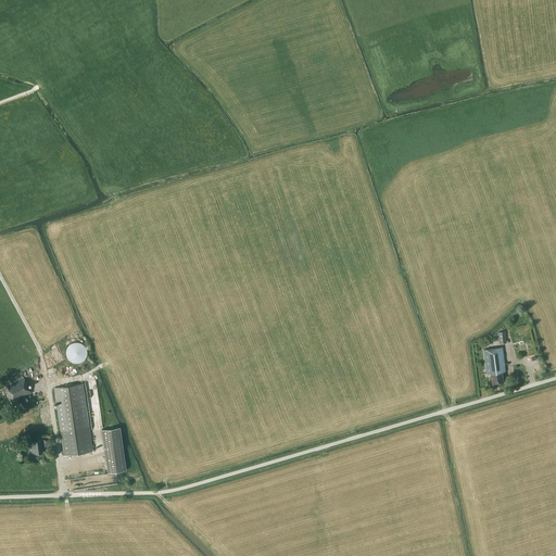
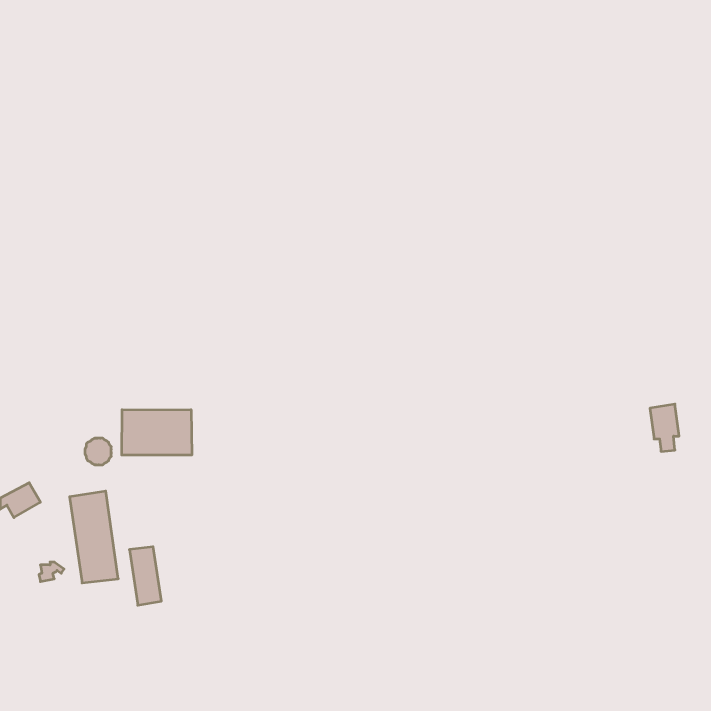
building: none -> [122,410,192,455]
building: [483,346,506,383] -> [650,404,679,451]

